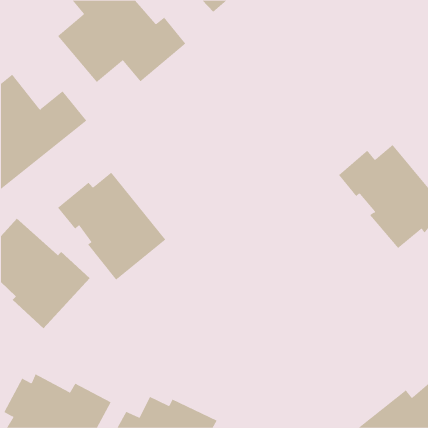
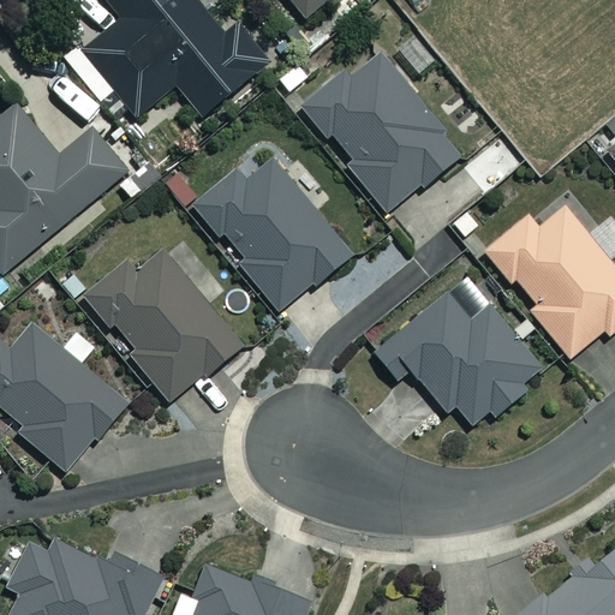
building: none -> [301,44,461,214]
building: none -> [196,159,350,312]
building: none -> [377,293,547,430]

